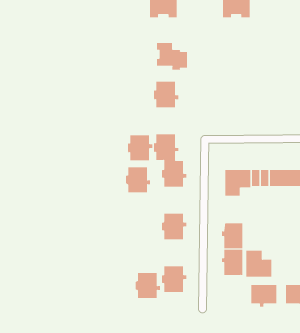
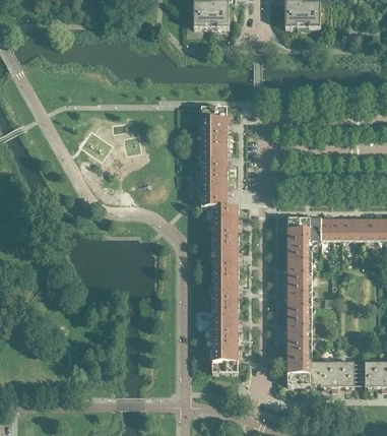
building: [157,42,187,71] -> none
building: [127,135,153,161] -> [198,140,231,173]
building: [125,167,151,193] -> [208,240,241,272]
building: none -> [283,251,311,285]
building: [246,250,272,277] -> [286,351,320,384]
building: [135,273,161,299] -> [208,306,241,338]

